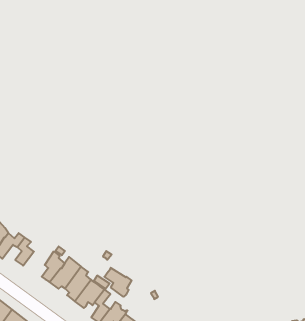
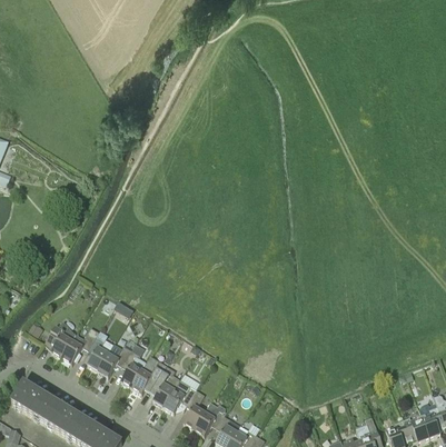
building: none -> [97,342,131,376]
building: [104,268,132,297] -> none

